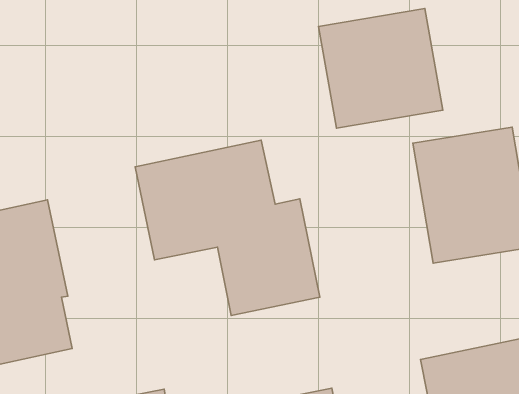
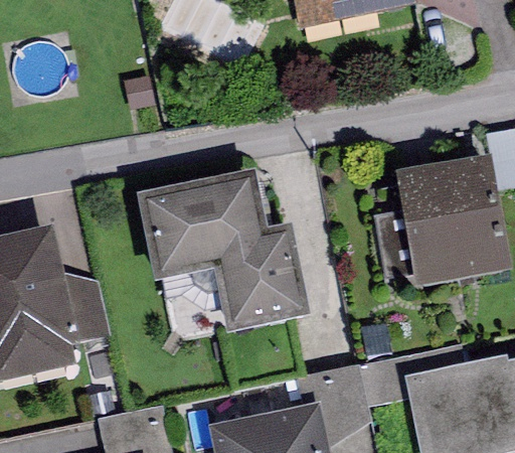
building: [319,8,443,128] -> none

